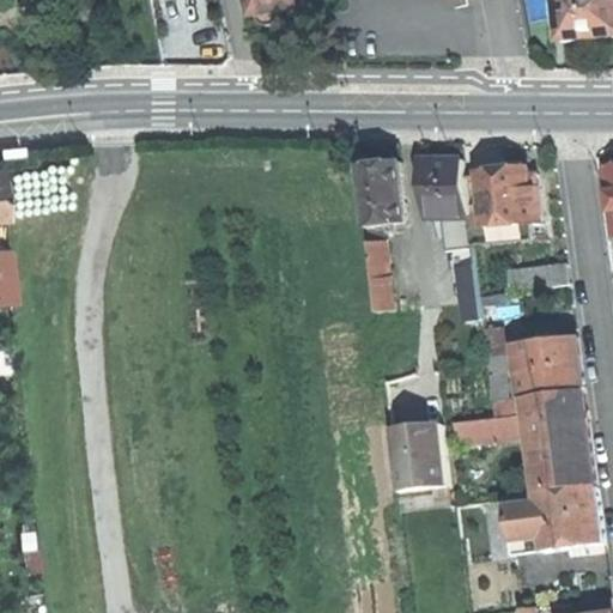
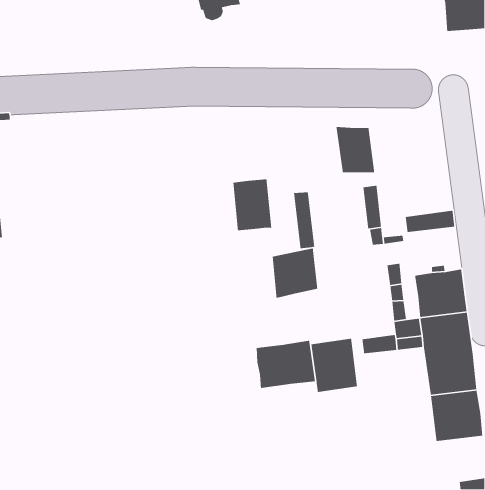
building: [354,159,403,225] -> [232,178,272,231]
building: [475,160,538,226] -> none
building: none -> [272,248,318,299]
building: none -> [256,340,316,389]
building: [500,492,541,554] -> none

